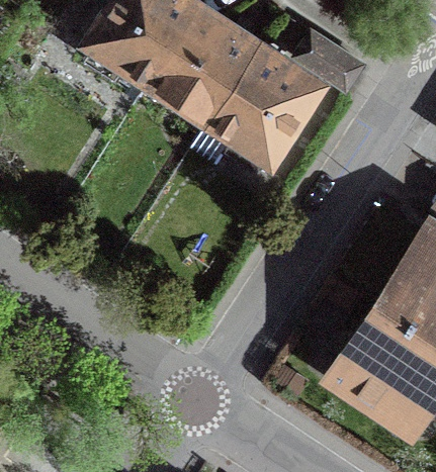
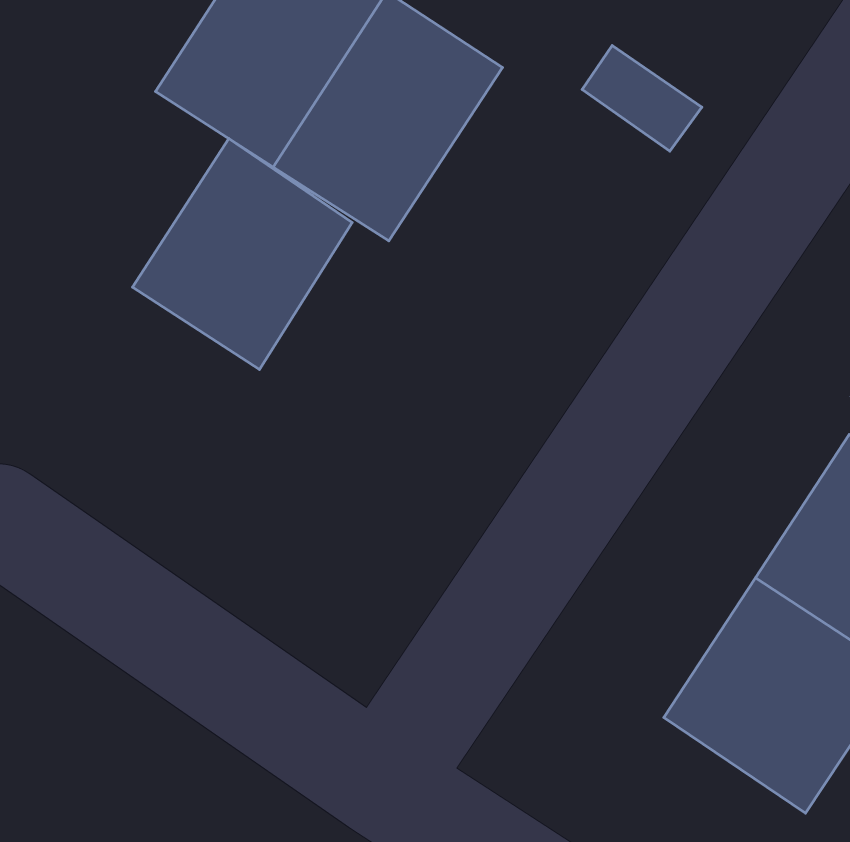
building: [200,40,319,168] -> none
building: none -> [133,139,352,369]

